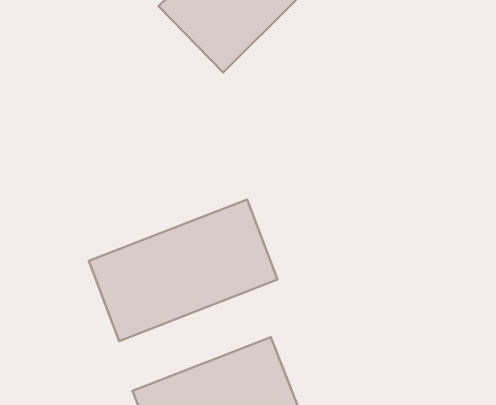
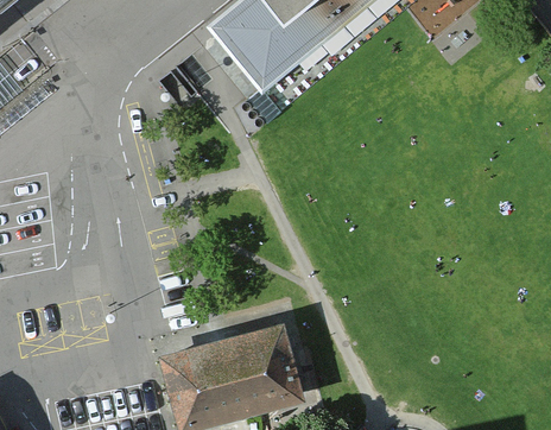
building: [89,199,278,341] -> none

